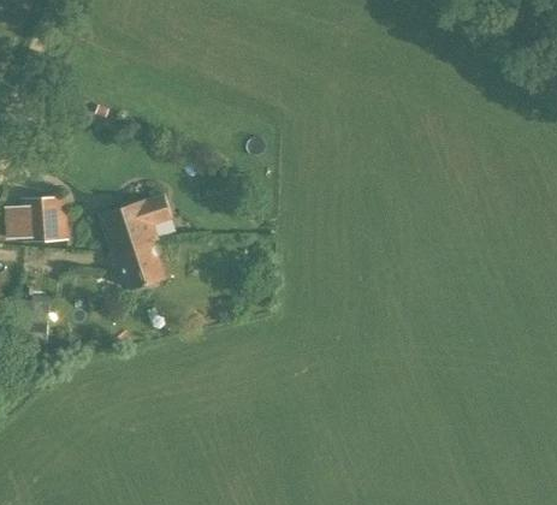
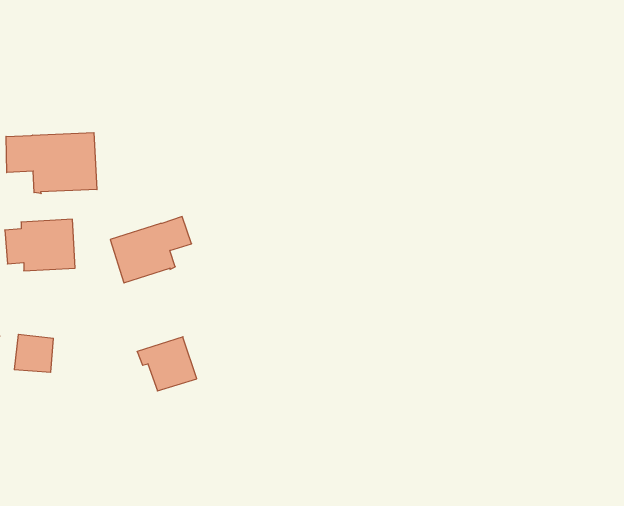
building: none -> [6,133,97,194]
building: [111,239,164,287] -> [137,337,197,391]

